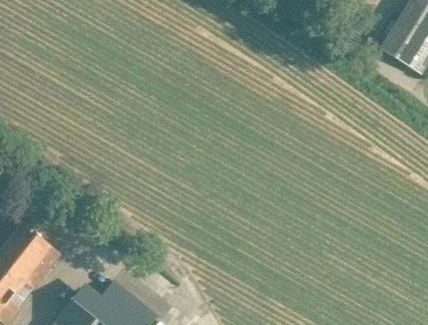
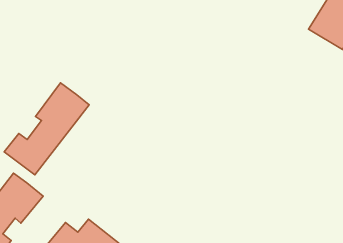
building: none -> [4,83,89,175]

